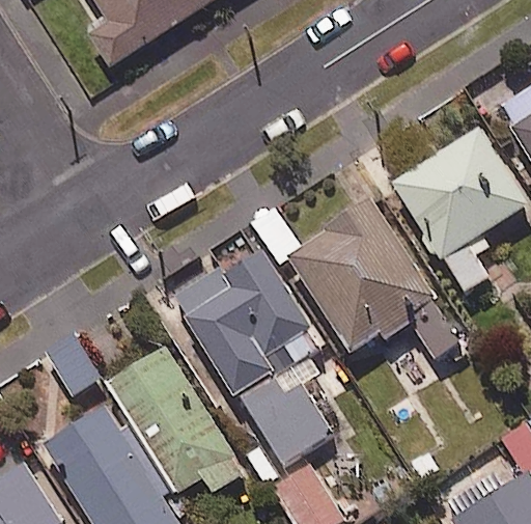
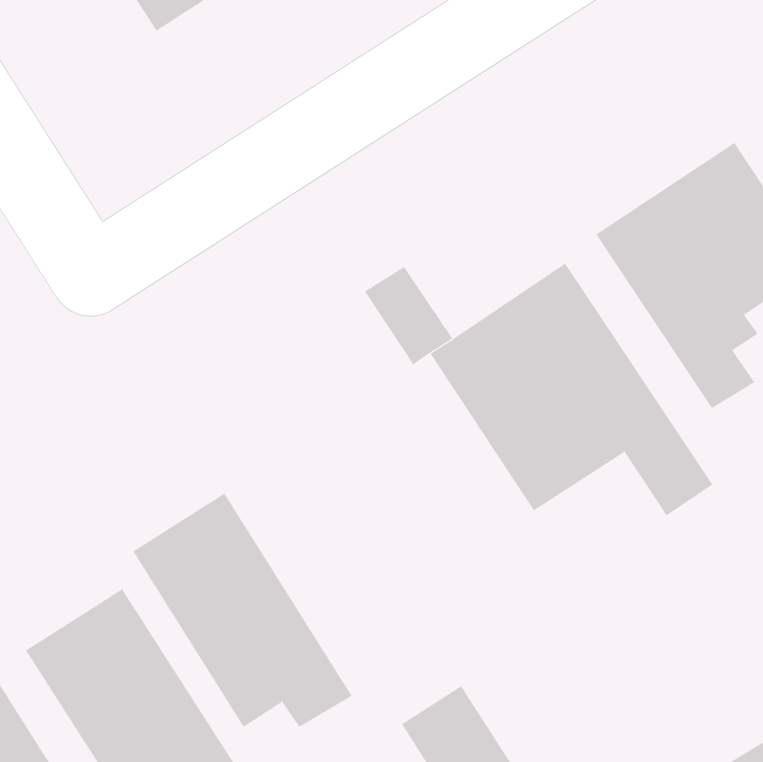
building: [174,254,329,461] -> none

